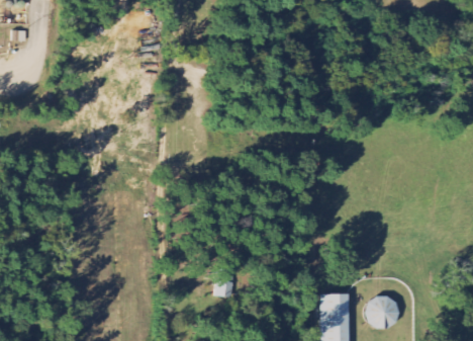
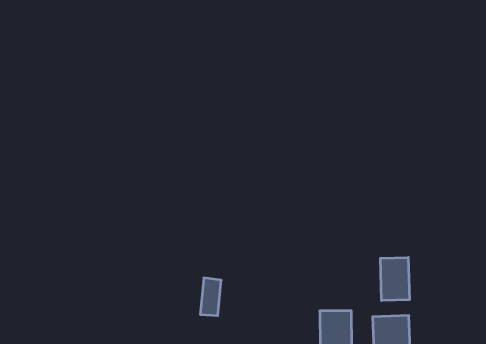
building: none -> [380,257,409,301]

